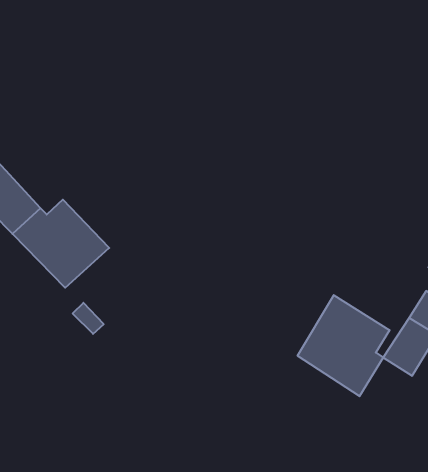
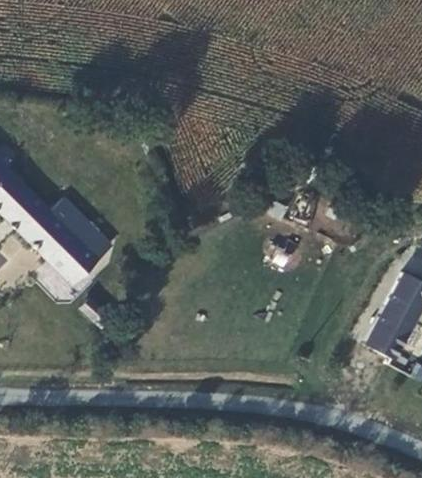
building: [298,295,390,396] -> none

